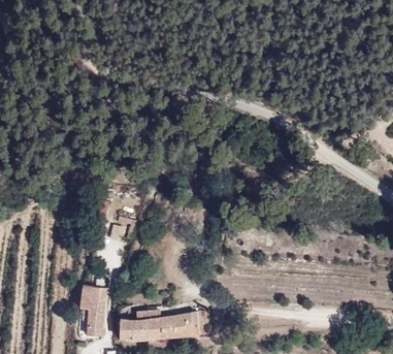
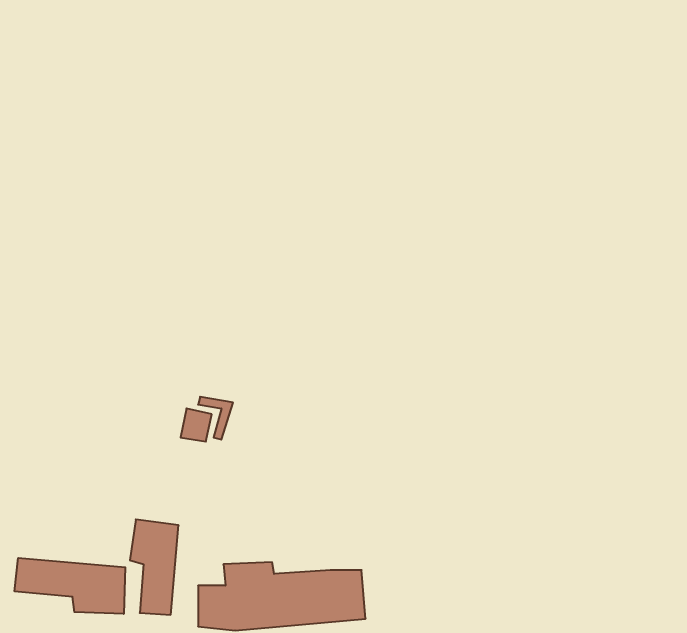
building: none -> [15,558,125,614]

